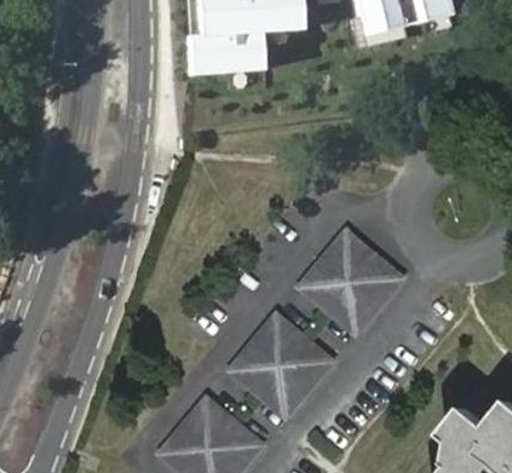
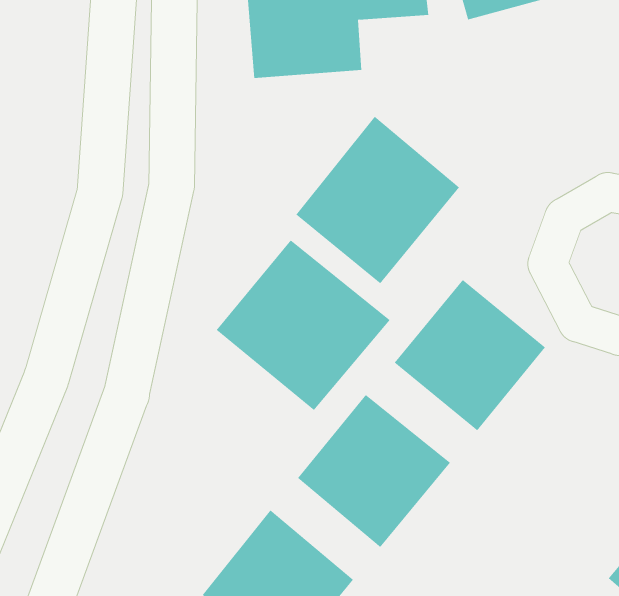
building: none -> [295,116,460,284]
building: none -> [216,239,390,411]

